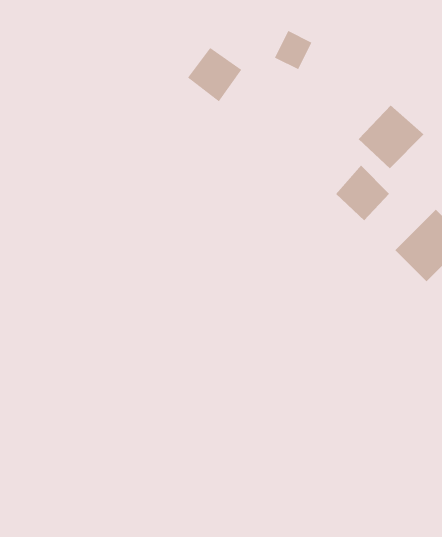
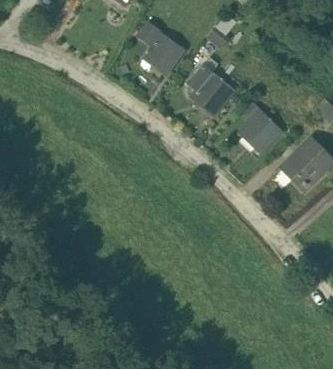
building: [358,104,425,169] -> none
building: none -> [195,72,232,108]

